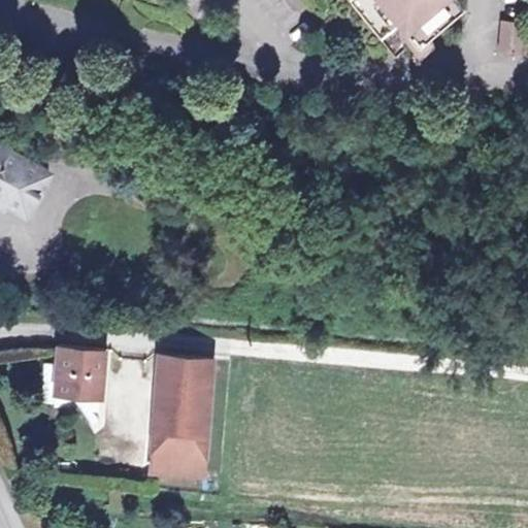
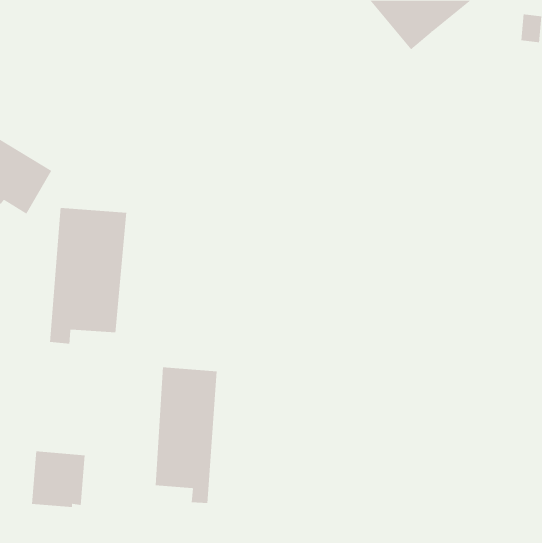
building: none -> [49,207,127,344]
building: [51,346,103,401] -> [31,451,86,507]

